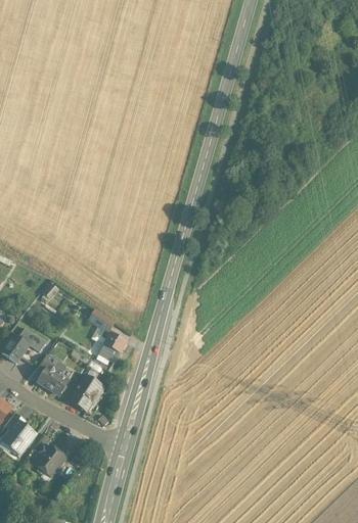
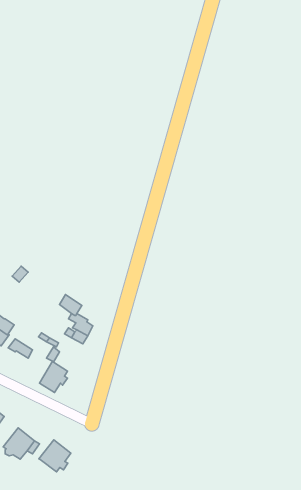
building: [38,367,73,394] -> none
building: none -> [39,440,71,472]

